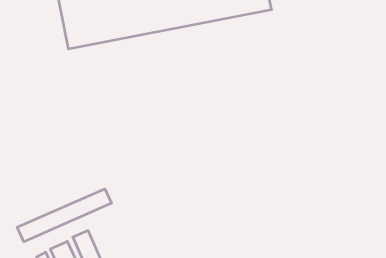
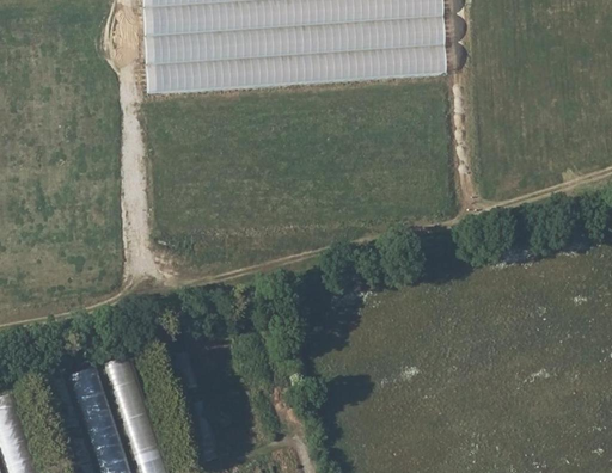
building: [17,189,111,242] -> none

